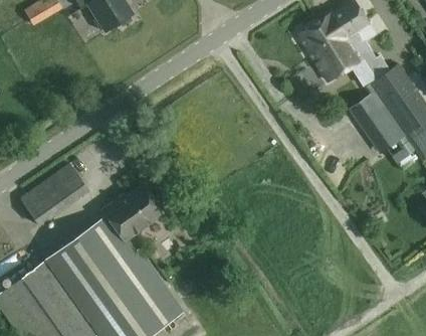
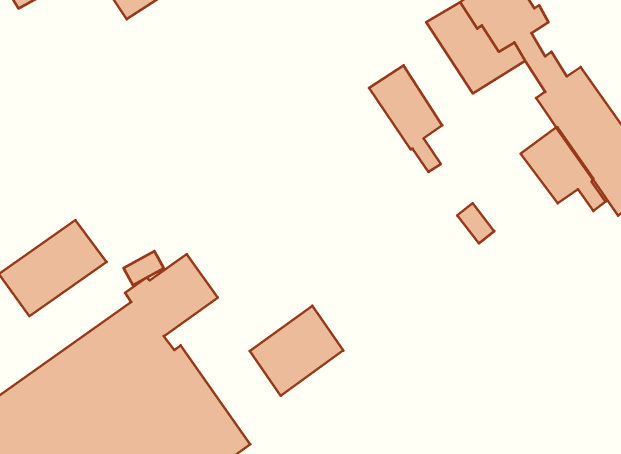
building: none -> [369,65,442,172]
building: none -> [250,306,343,396]

